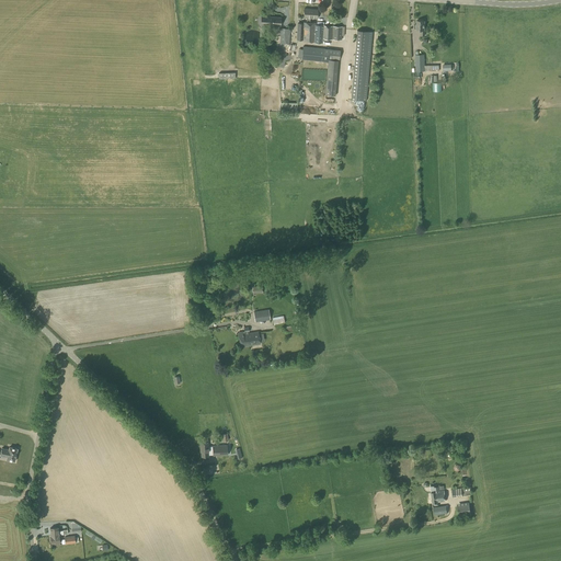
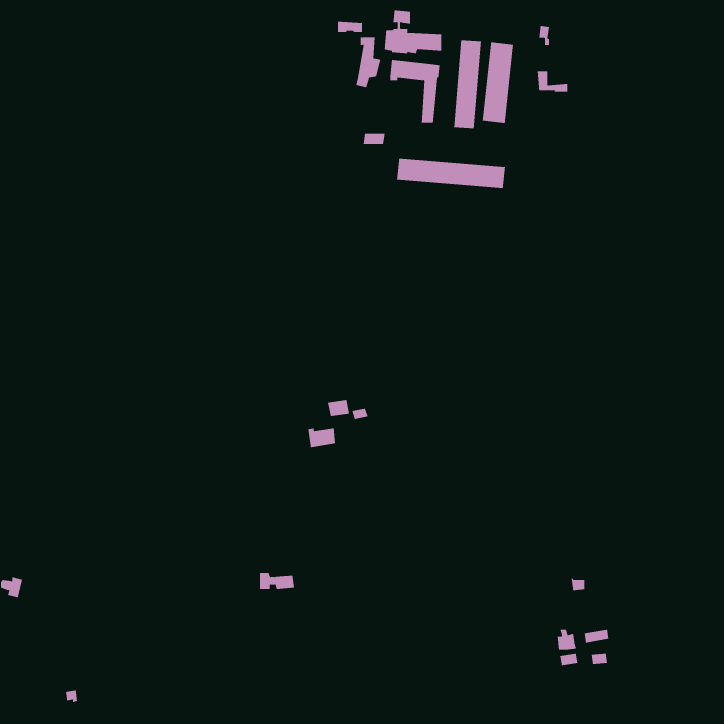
building: none -> [482,41,514,124]
building: none -> [397,158,505,189]

